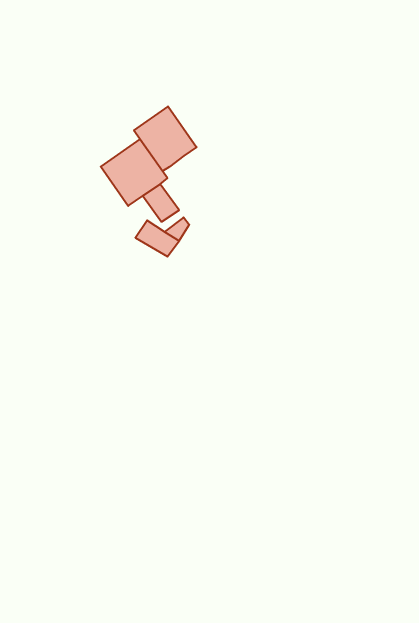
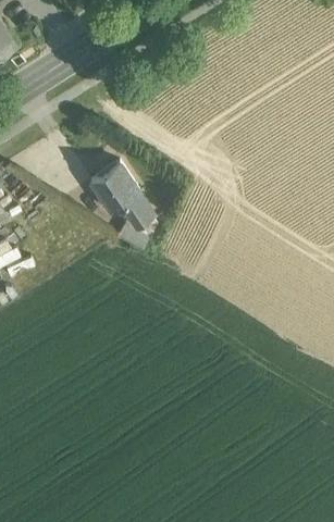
building: [134,106,197,171] -> none

